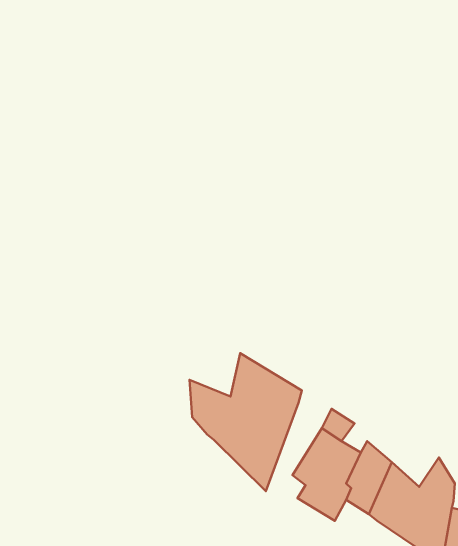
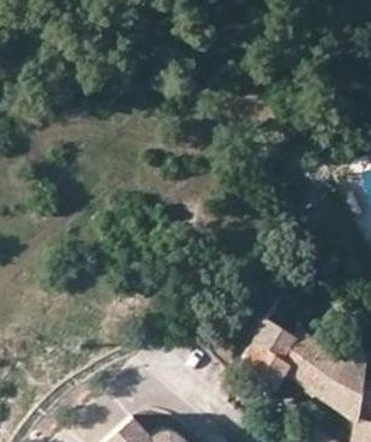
building: [189,353,302,491] -> none

